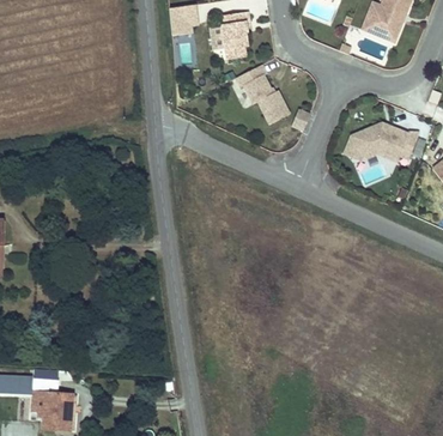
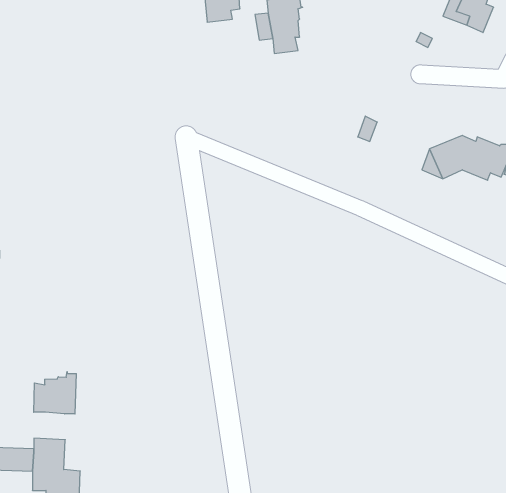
building: [236,65,290,123] -> none
building: none -> [34,372,76,414]

